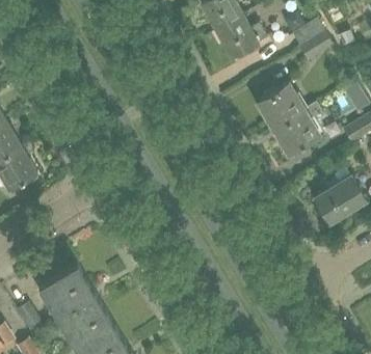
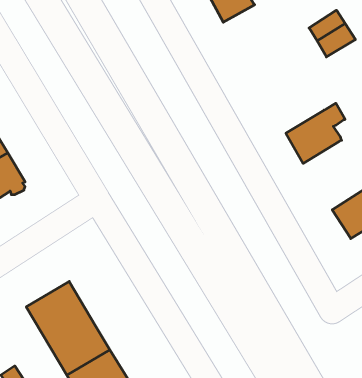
building: [215,15,267,58] -> none
building: [255,82,306,130] -> none

